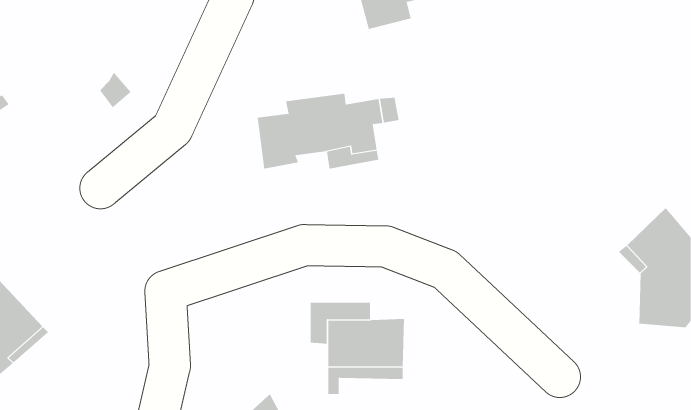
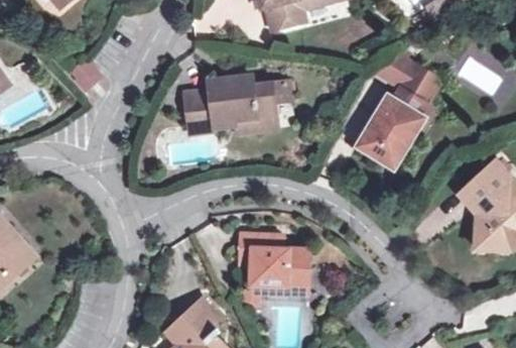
building: none -> [359,64,439,168]

